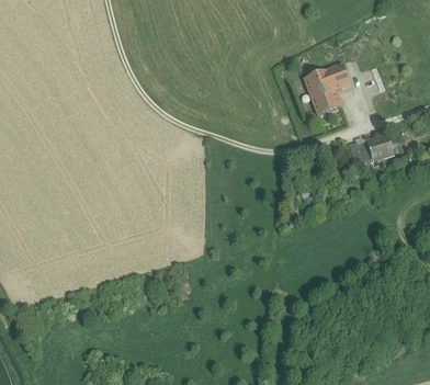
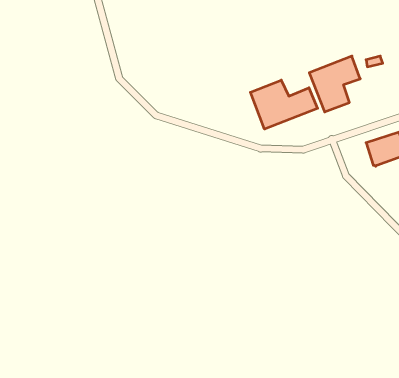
building: none -> [250,80,318,129]

